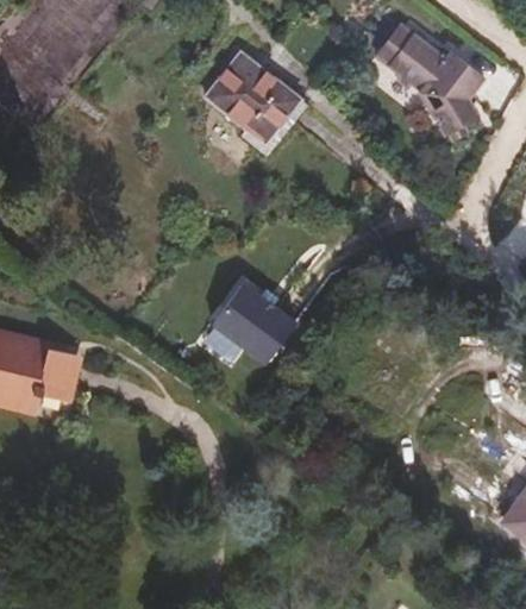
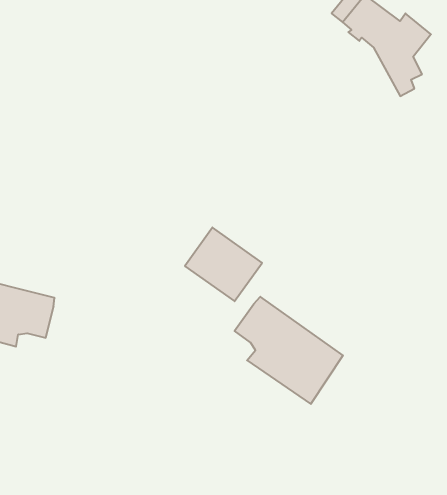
building: [207,54,301,143] -> none
building: none -> [235,297,343,404]

